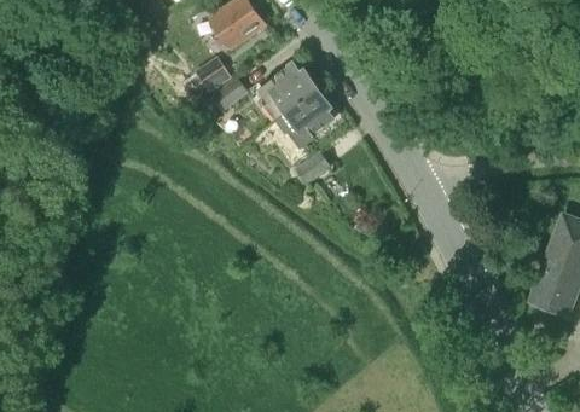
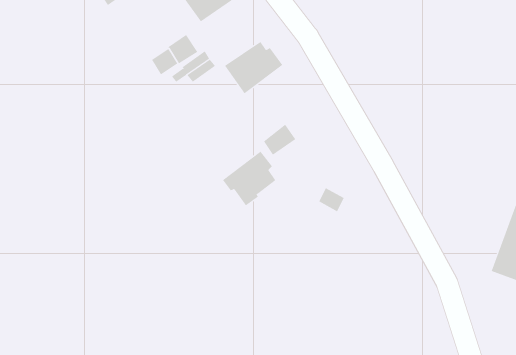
building: [277,91,332,147] -> [222,151,276,206]

